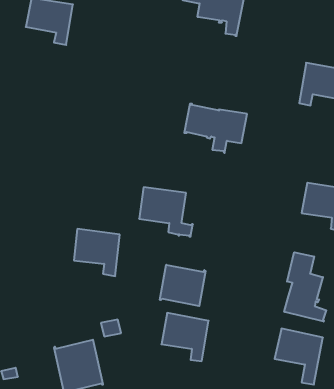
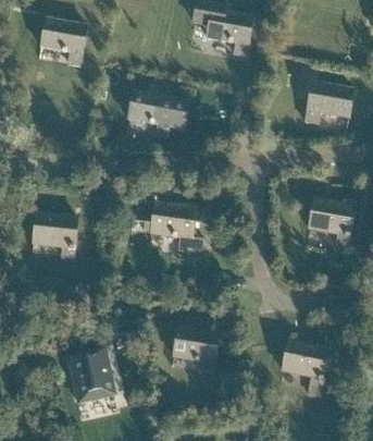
building: [184,104,247,153] -> [127,93,188,140]
building: [74,229,120,276] -> [33,215,77,260]
building: [284,252,326,322] -> none
building: [160,265,206,306] -> none

